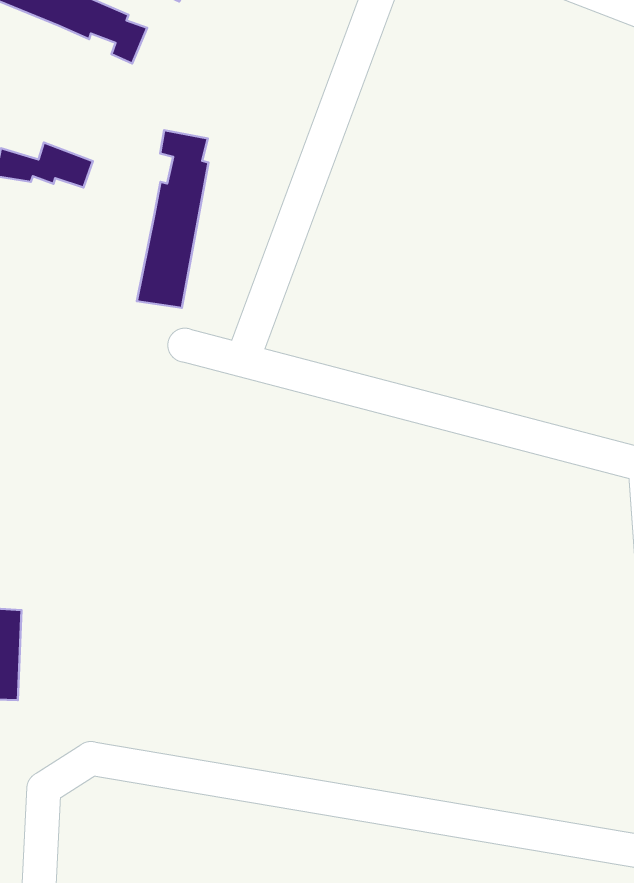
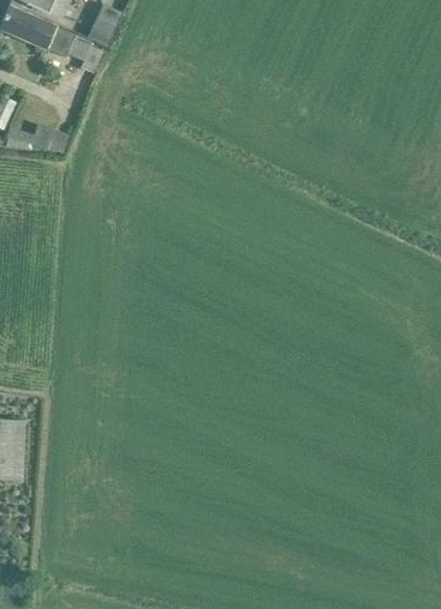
building: [137,130,209,308] -> none

